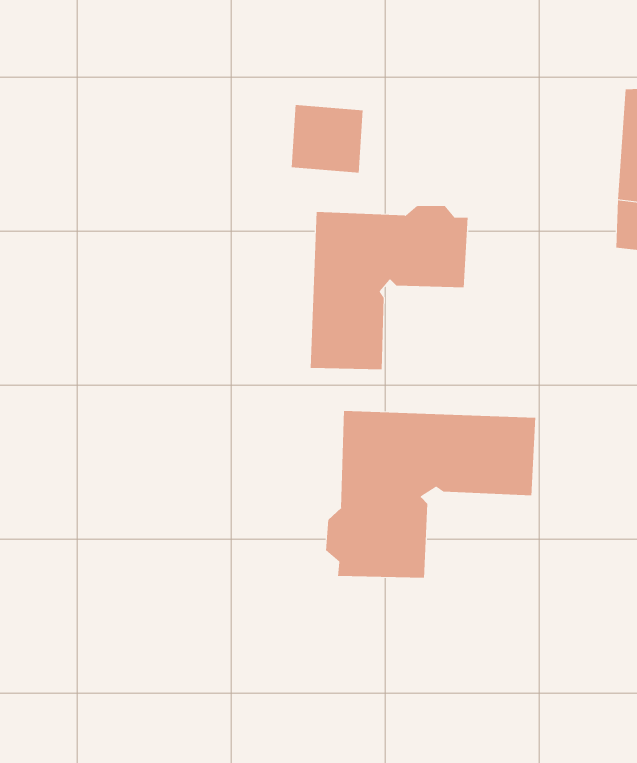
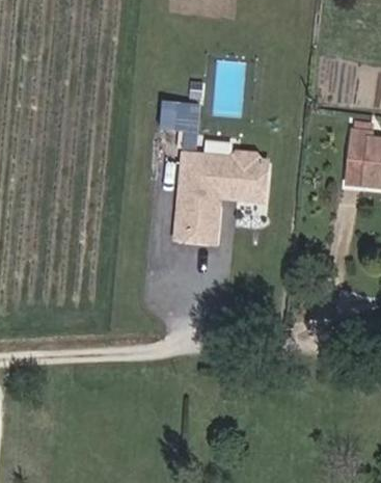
building: [326,410,536,578] -> none

